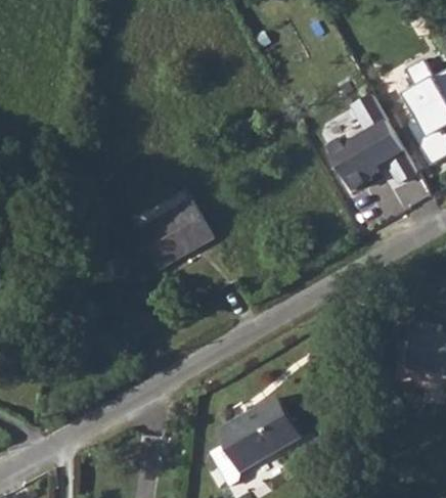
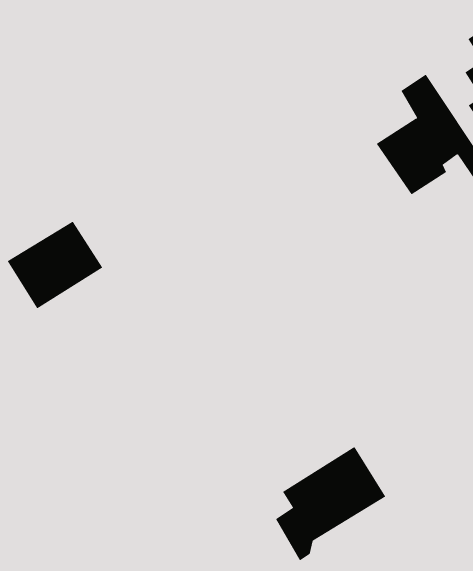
building: [126,194,203,263] -> [7,221,103,309]

